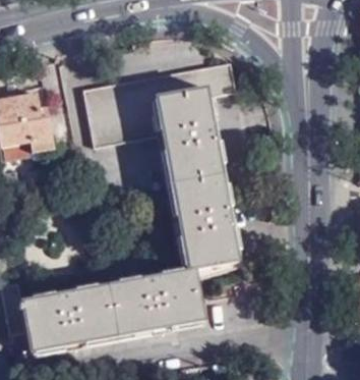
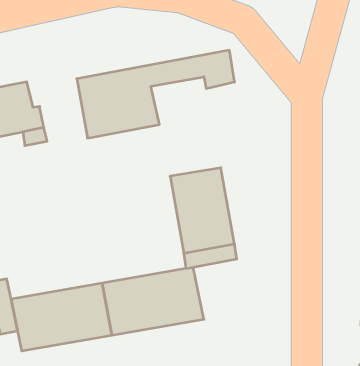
building: [155,88,222,183] -> none

